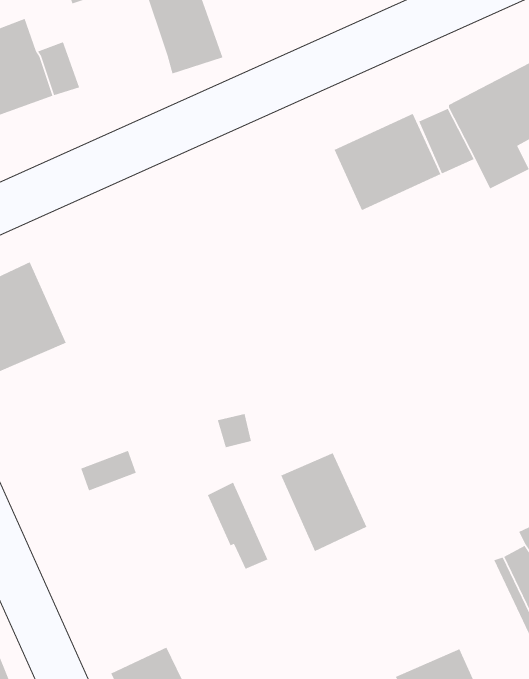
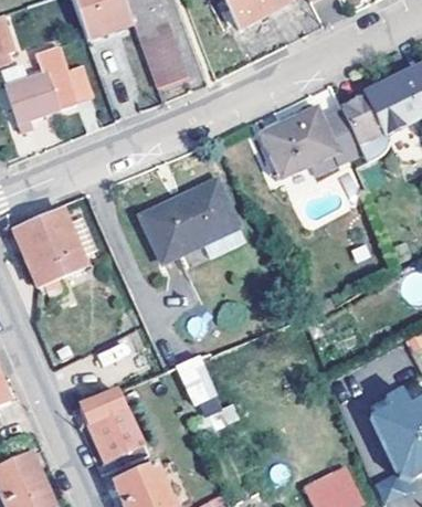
building: none -> [143,178,236,255]
building: [280,452,367,552] -> none
building: none -> [80,387,146,461]

